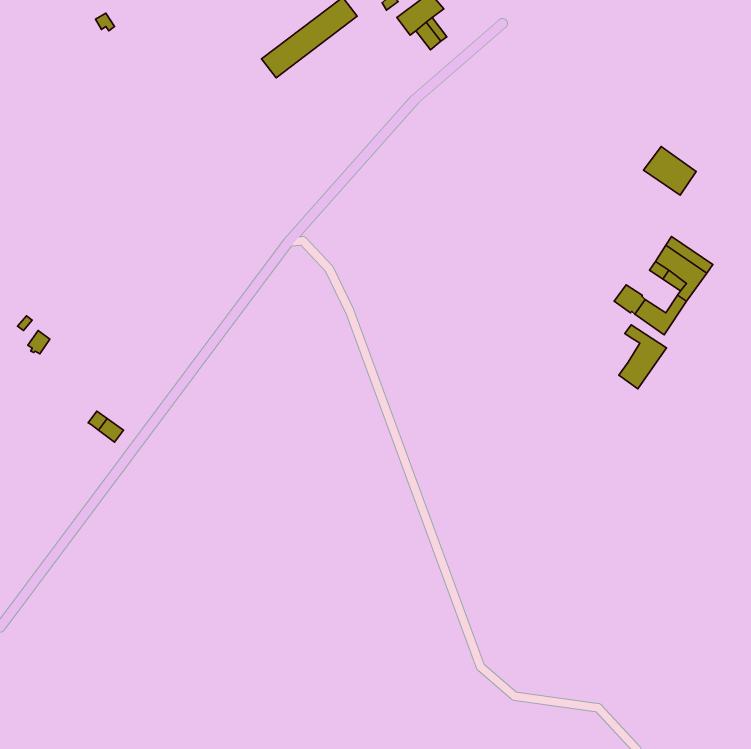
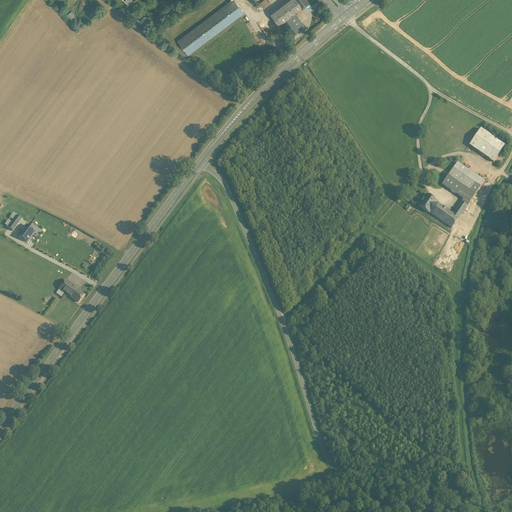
building: [643,147,696,195] -> [469,128,505,161]
building: [619,325,667,389] -> none

